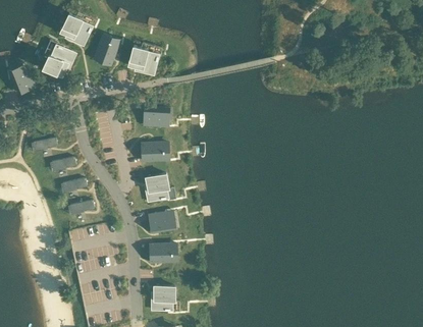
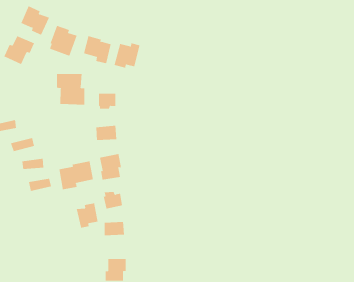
building: none -> [114,43,140,68]
building: none -> [56,73,85,105]
building: none -> [59,160,94,190]
building: none -> [76,202,98,229]

